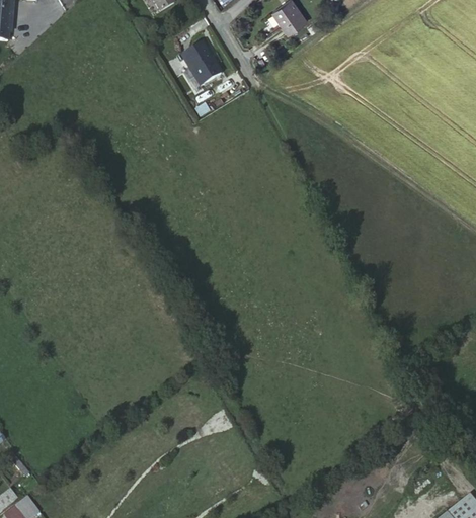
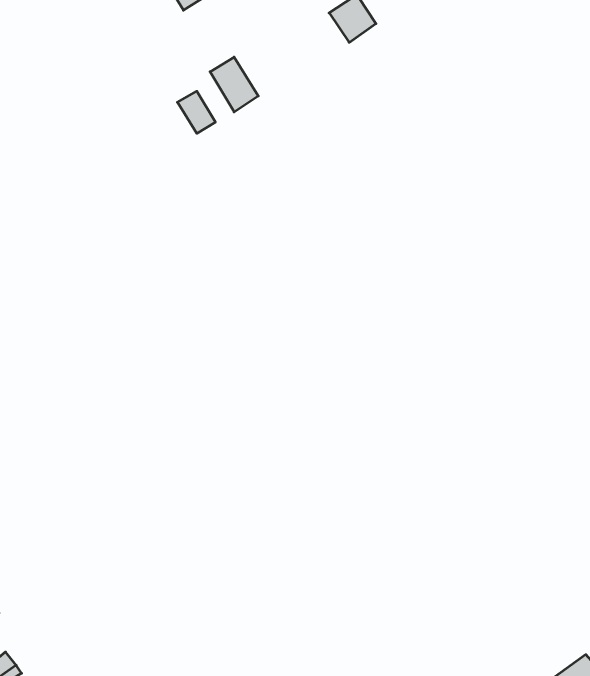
building: none -> [177,91,215,133]

